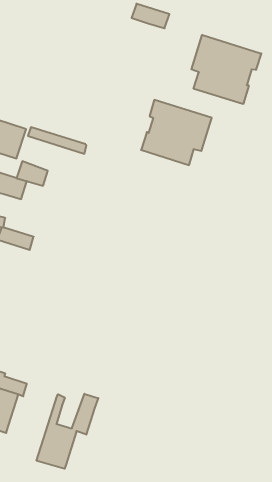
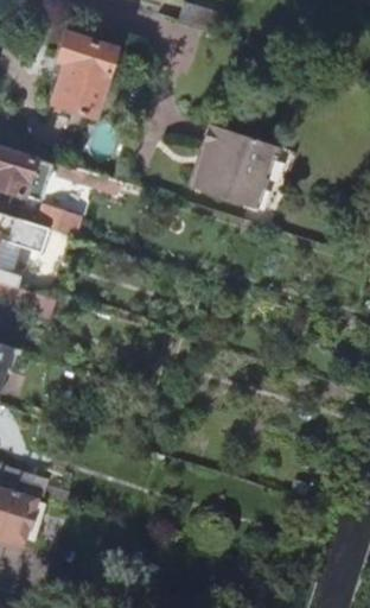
building: none -> [53,33,121,115]
building: [191,35,261,104] -> none
building: [37,394,98,469] -> none

